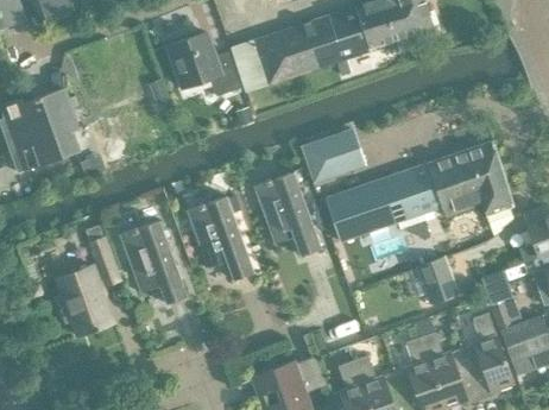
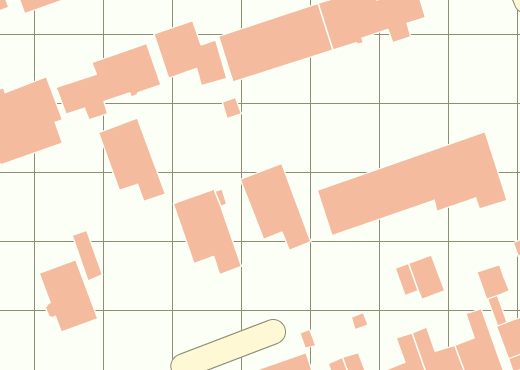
building: none -> [56,43,161,120]
building: [302,128,364,182] -> none
building: [122,222,188,303] -> [98,118,165,201]

